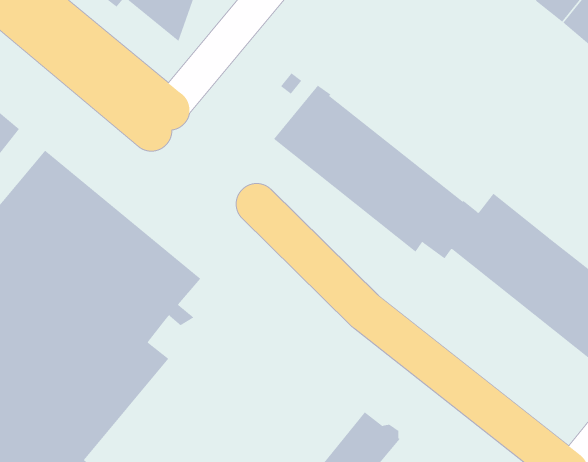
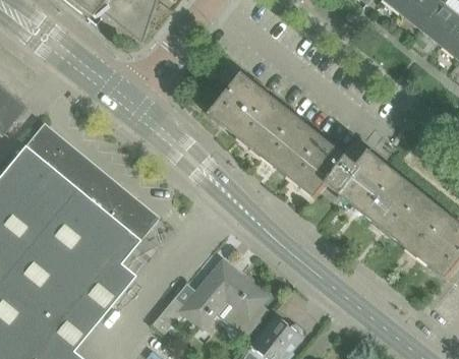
building: none -> [154,262,269,339]

